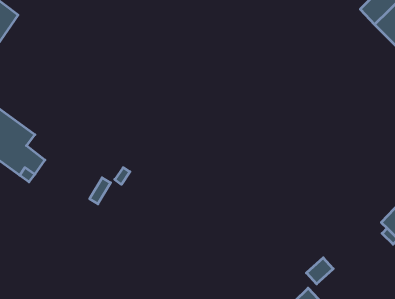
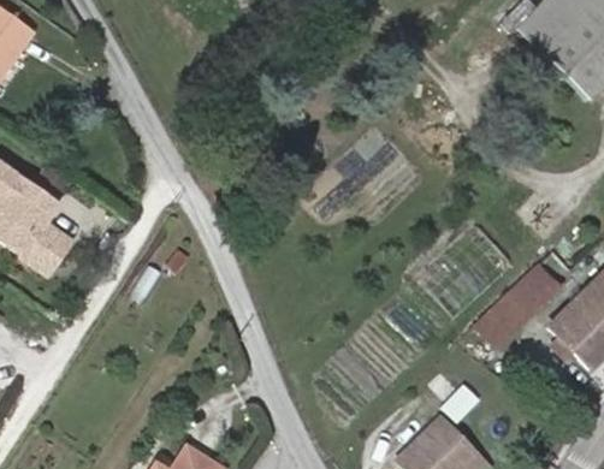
building: none -> [478,262,562,345]

